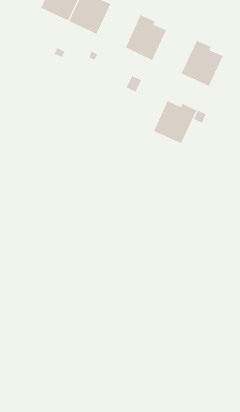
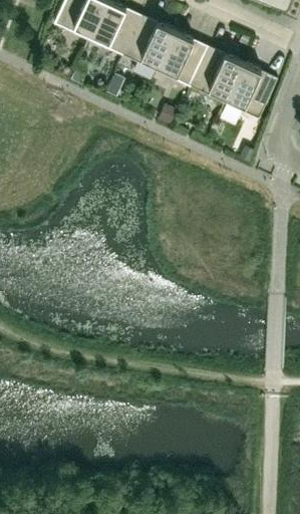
building: none -> [122,16,175,69]
building: [153,101,197,144] -> [190,48,243,100]

